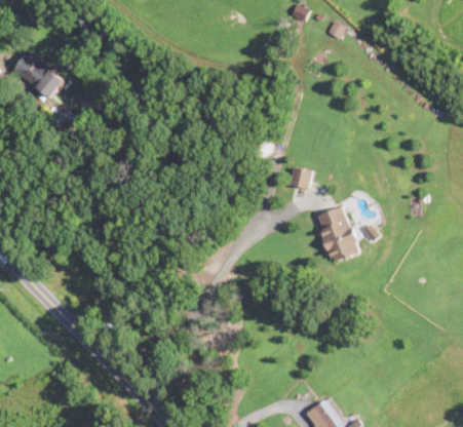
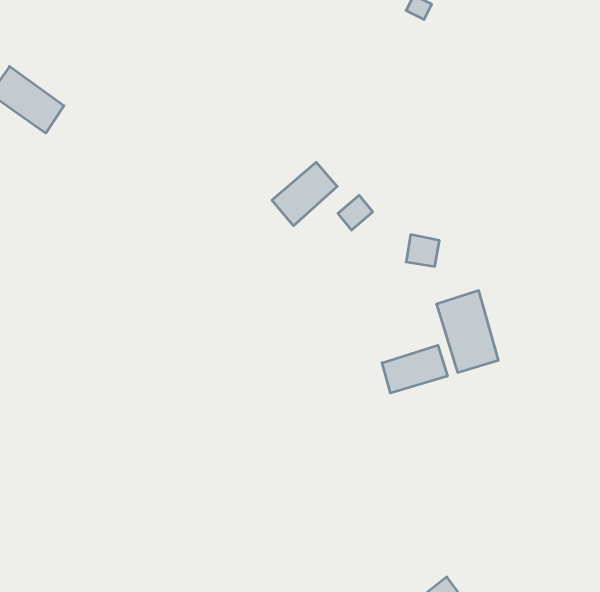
building: none -> [272,162,337,226]
building: none -> [382,345,447,393]

